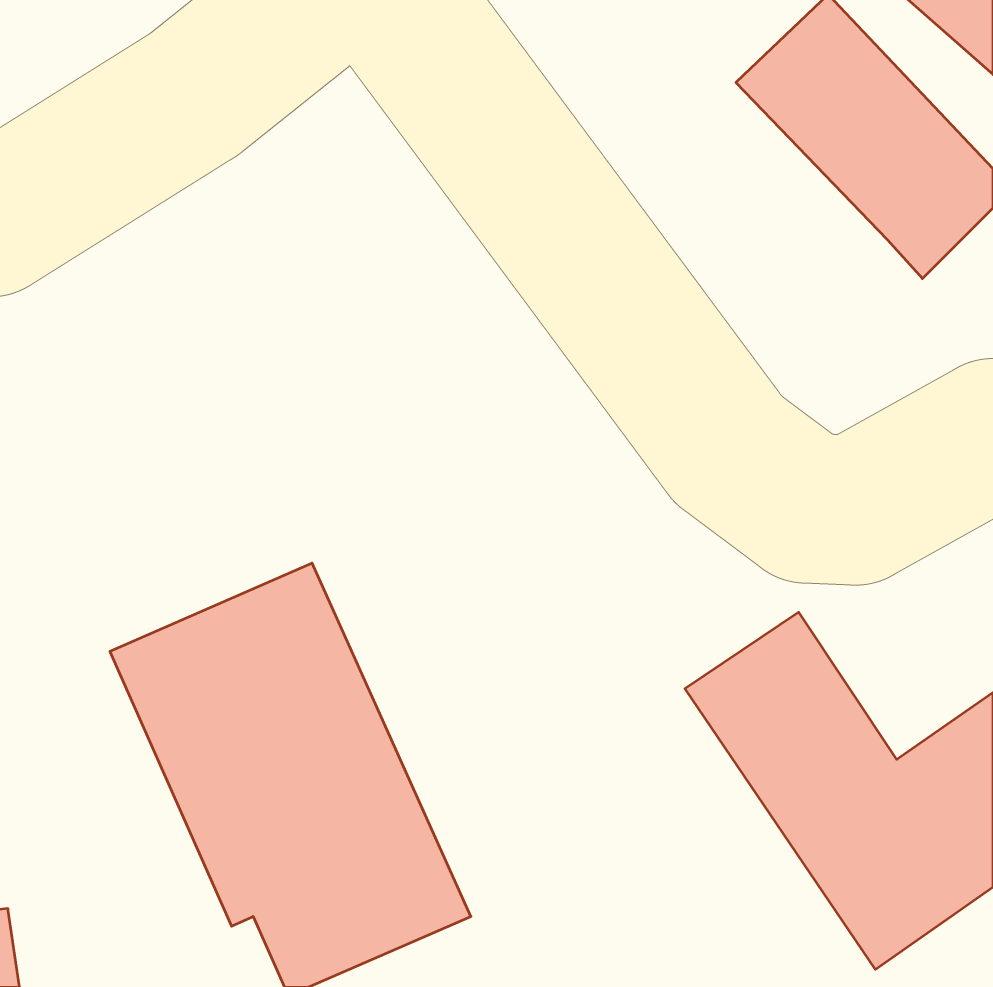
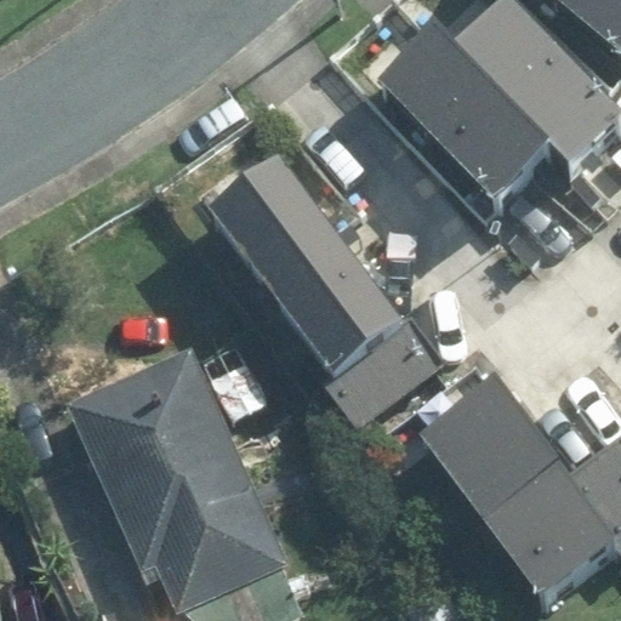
building: none -> [372,28,548,205]
building: none -> [222,176,428,414]

